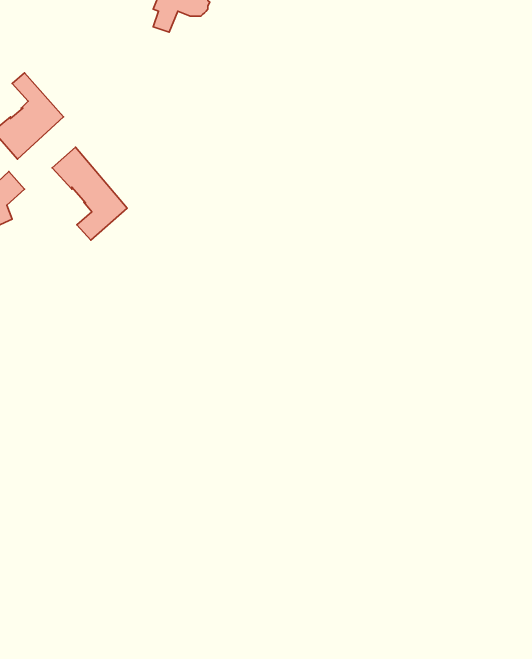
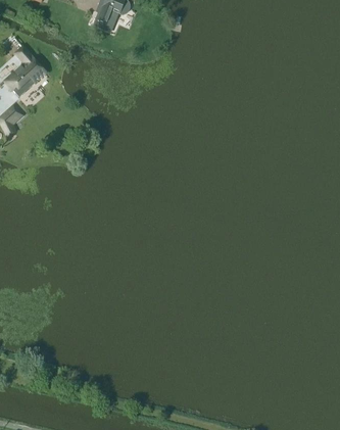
building: [52,147,127,240] -> none

